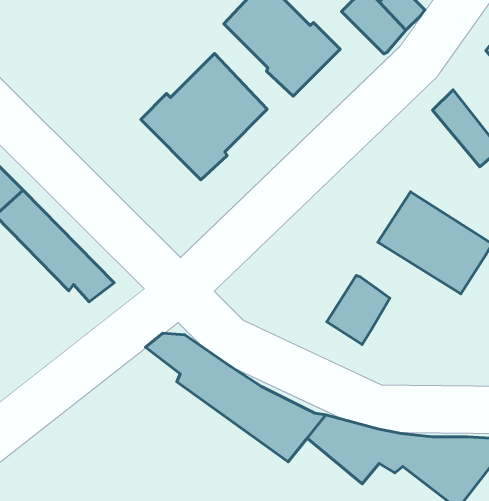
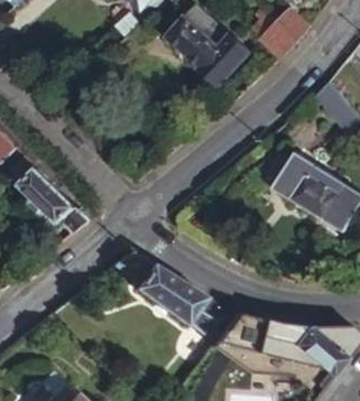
building: [141,54,267,180] -> none
building: [327,276,390,344] -> none

